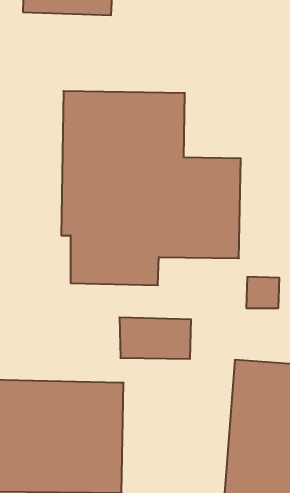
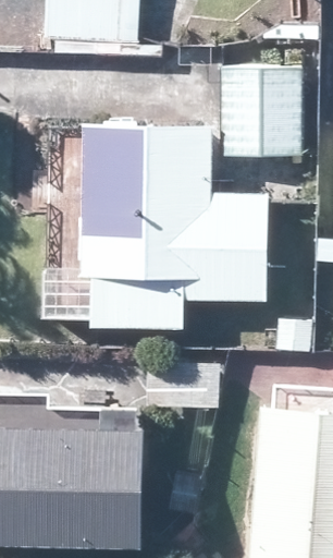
building: none -> [218,66,299,154]

